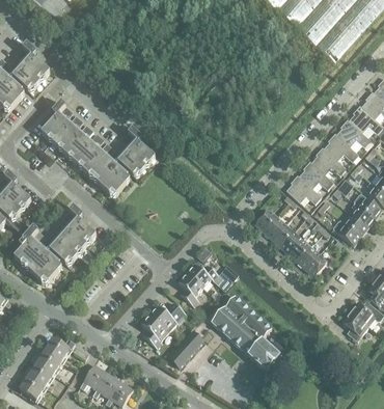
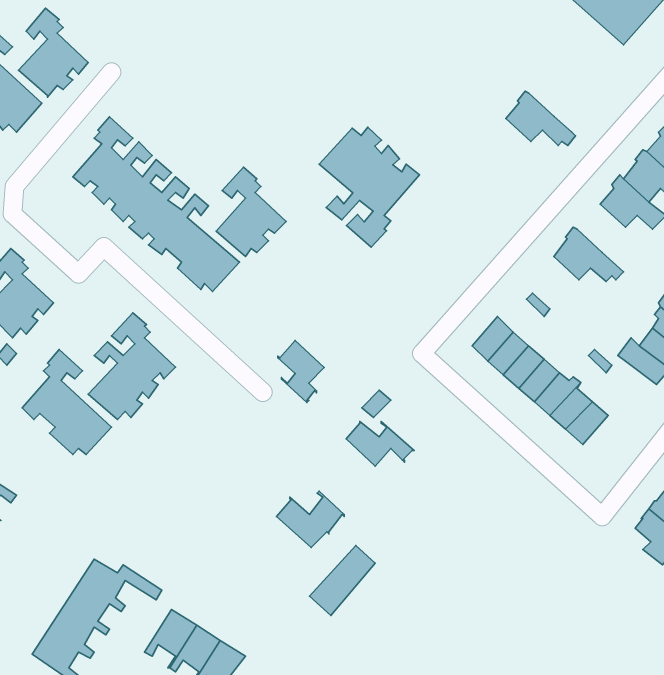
building: none -> [319,127,420,247]
building: [310,146,348,175] -> [506,91,576,146]
building: [285,174,321,203] -> none
building: [177,273,202,306] -> [278,340,324,403]
building: [211,295,283,371] -> none
building: [140,315,168,348] -> none

